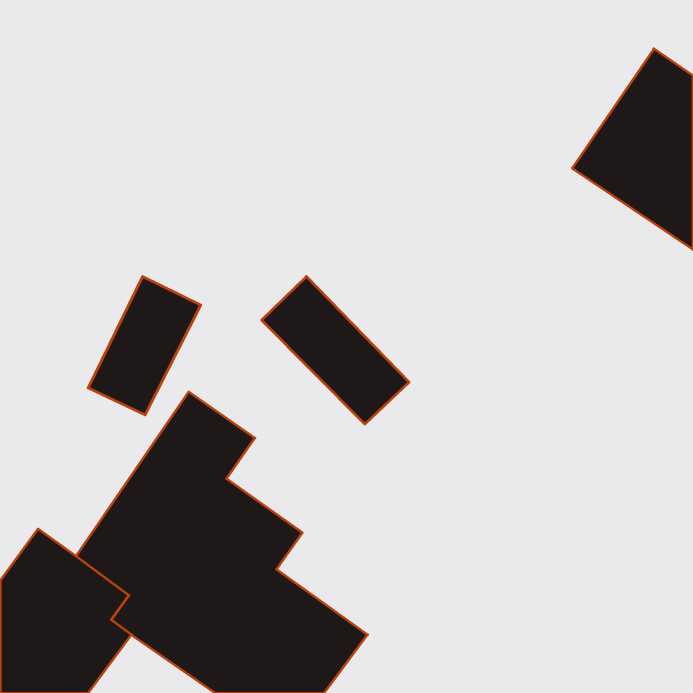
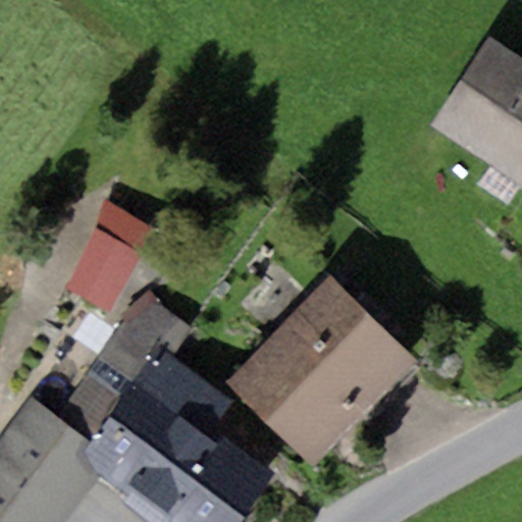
building: [262,276,409,424] -> none
building: none -> [229,279,417,466]

